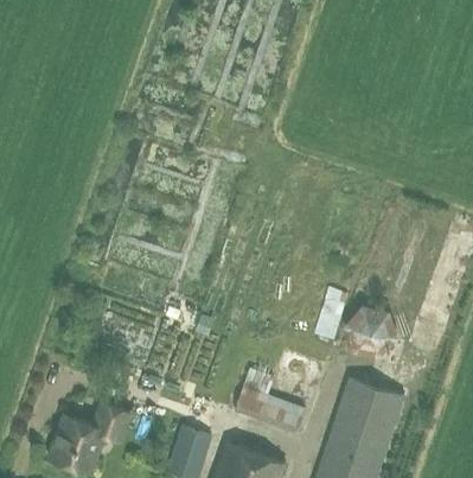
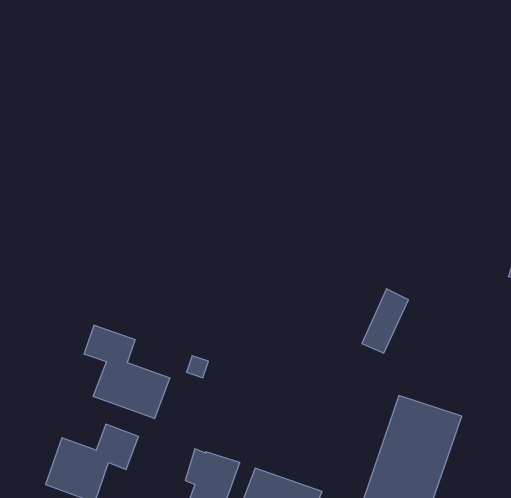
building: [358,314,400,349] -> none
building: none -> [84,325,170,419]
building: [236,370,306,434] -> none

